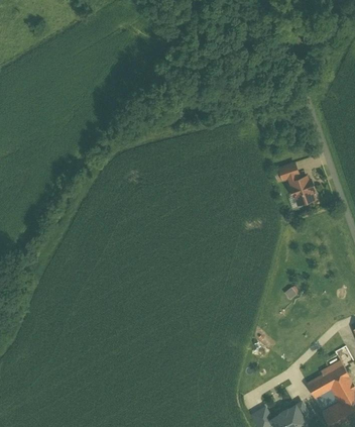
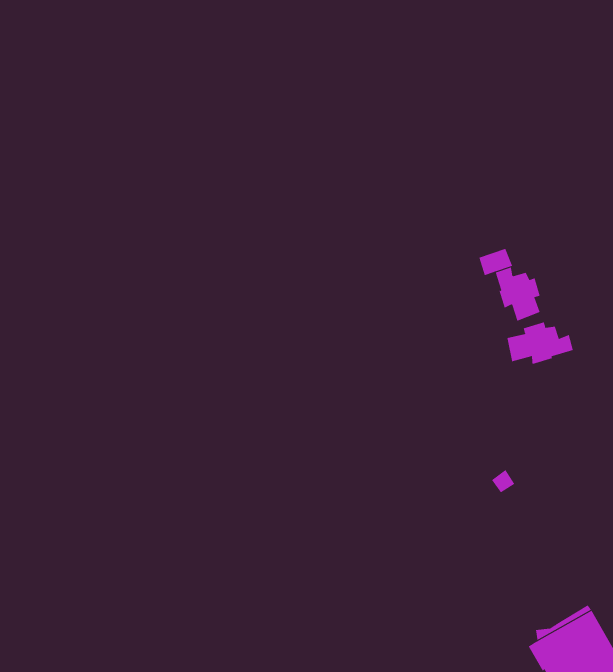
building: none -> [507,322,573,365]

